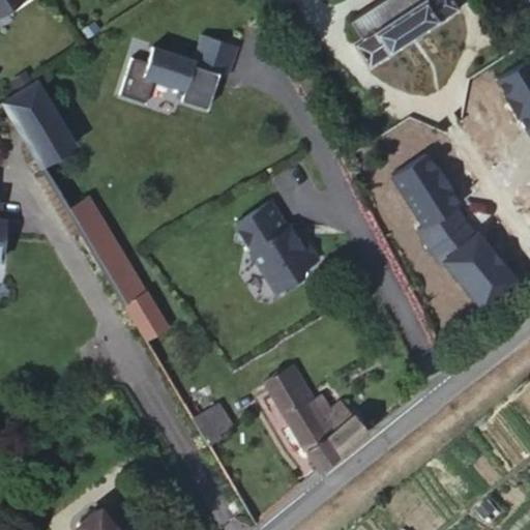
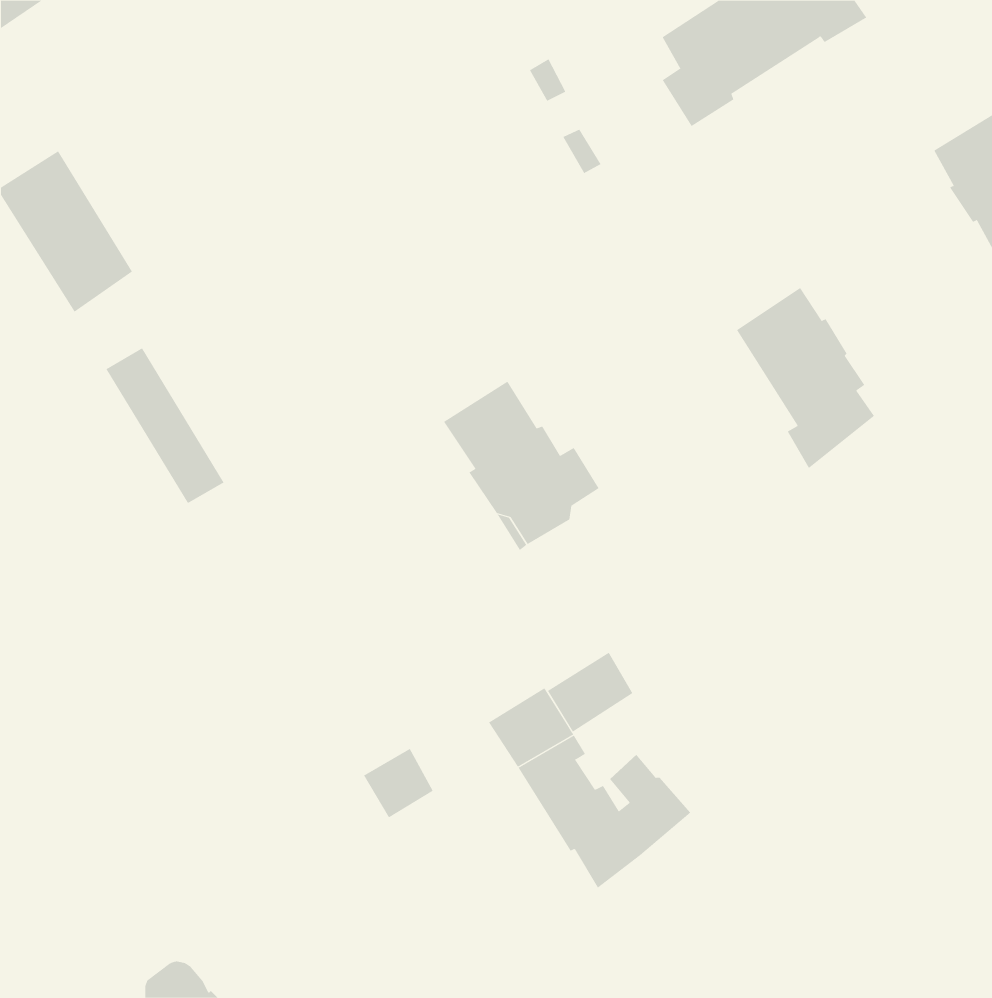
building: [123,37,240,112] -> none
building: [432,220,517,307] -> none
building: [102,256,166,340] -> none
building: none -> [547,652,633,733]

